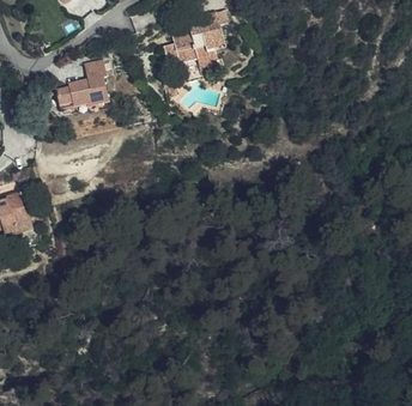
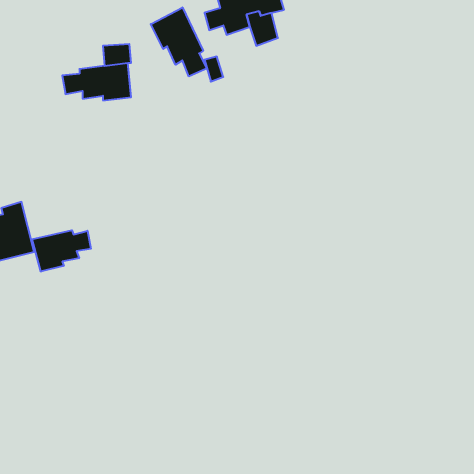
building: none -> [151,7,207,76]
building: none -> [32,230,91,272]

